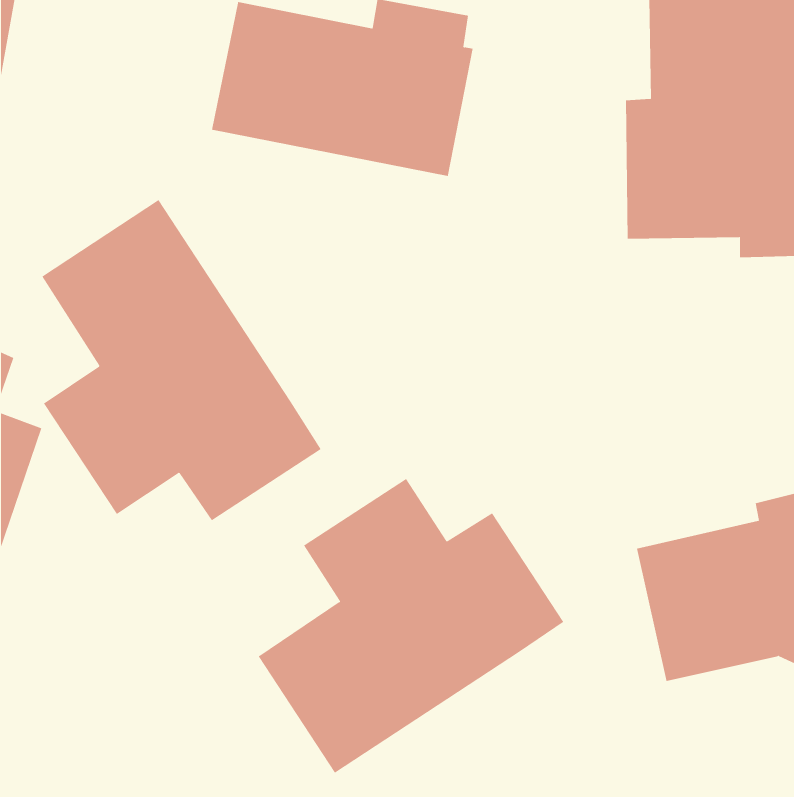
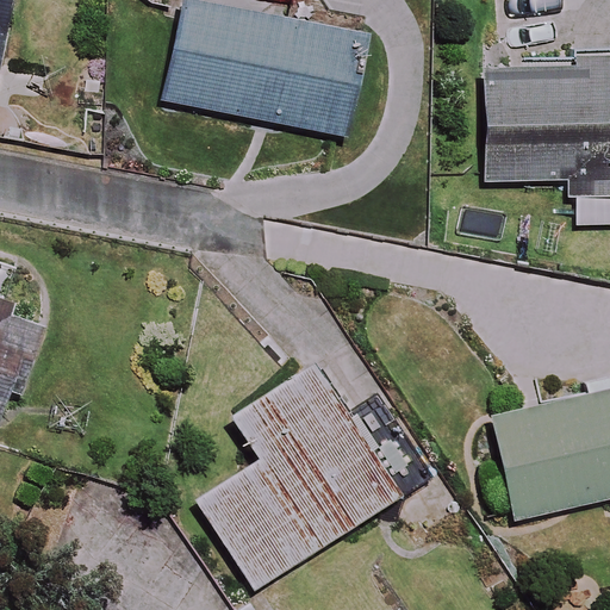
building: [41,199,322,521] -> none

